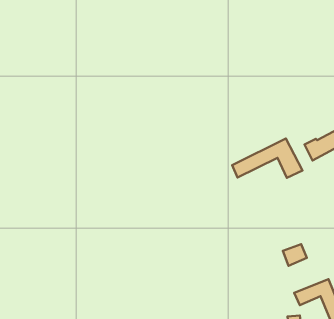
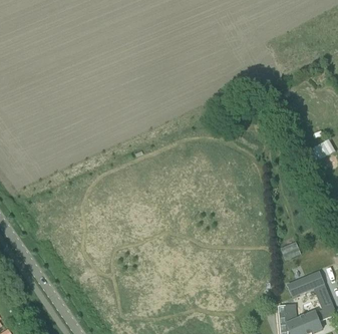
building: [232,138,302,178] -> none

